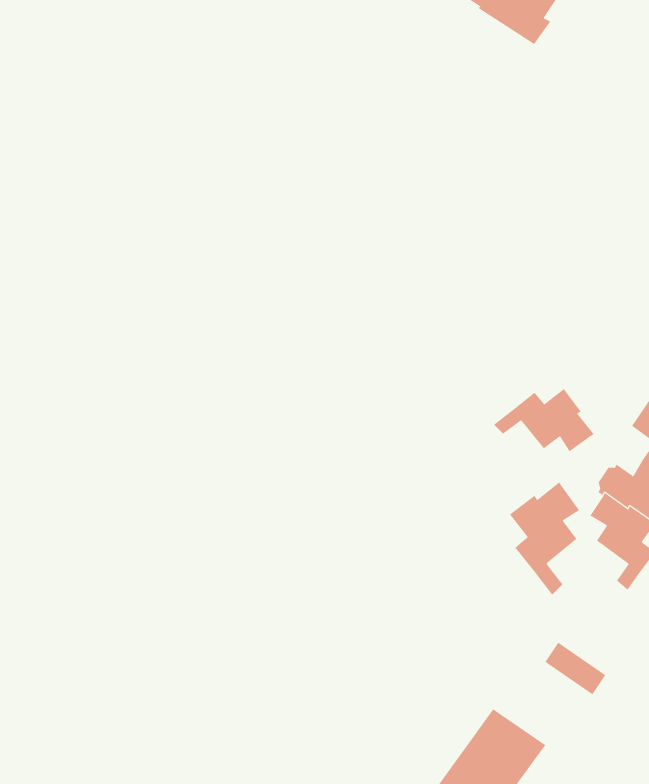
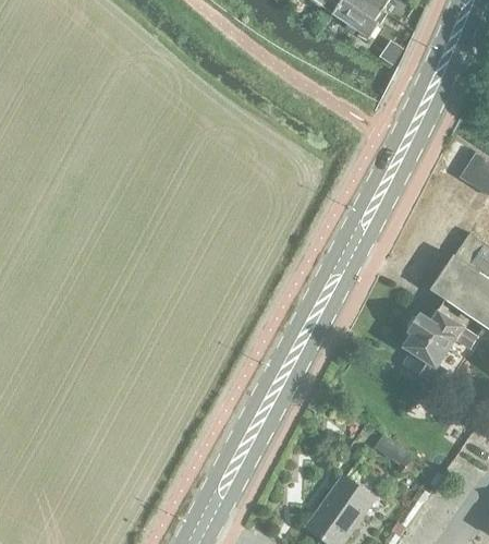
building: [493,388,594,452] -> none
building: [509,482,580,595] -> none

